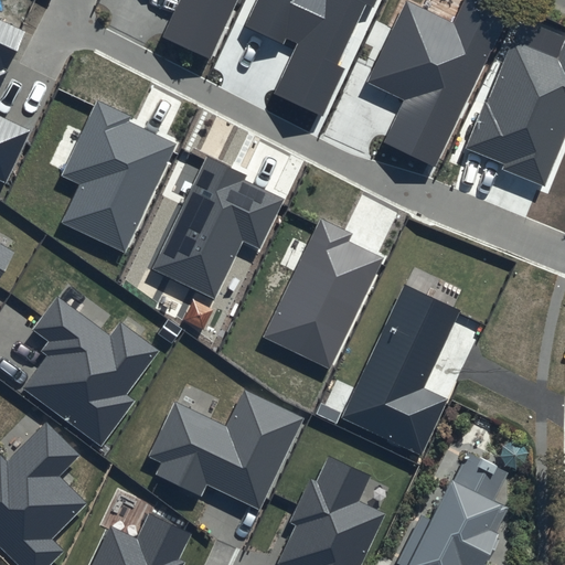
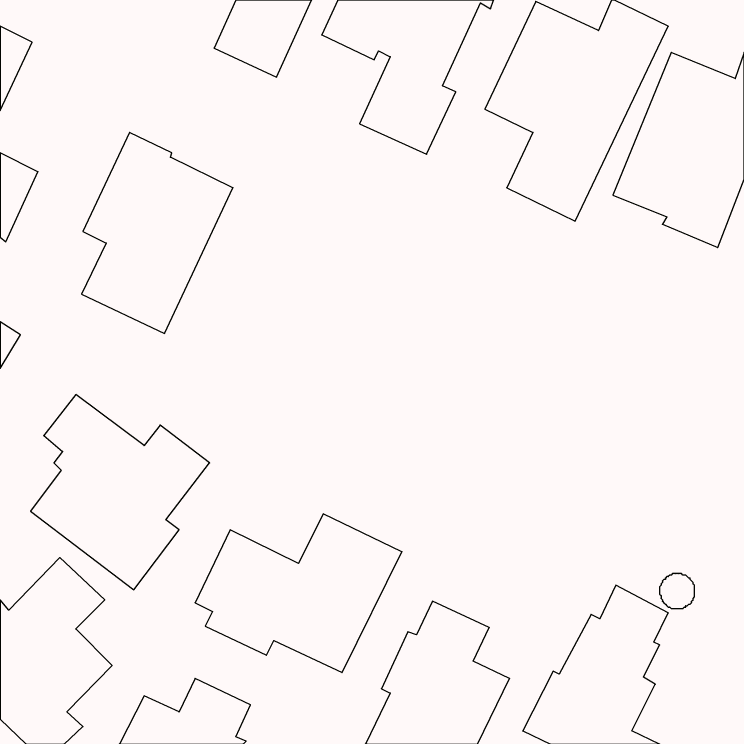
building: [152,156,285,299] -> none
building: [263,218,382,369] -> none
building: [341,285,460,457] -> none

